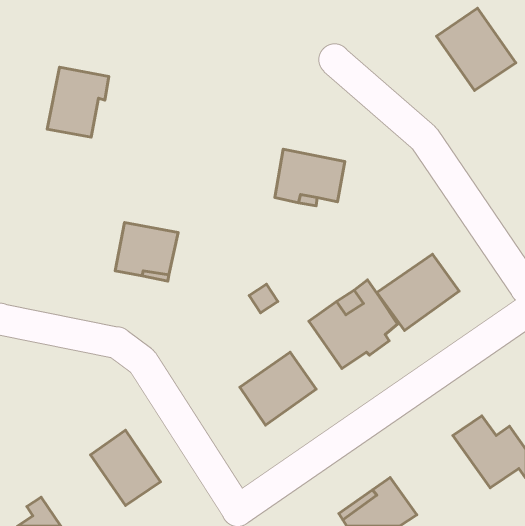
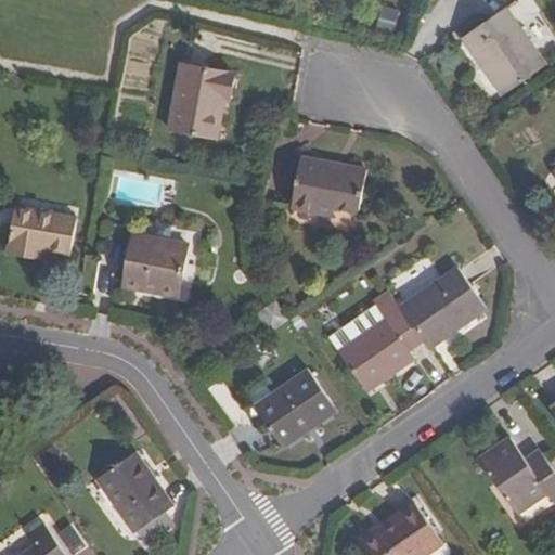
building: [47,67,109,137] -> [168,66,233,140]
building: none -> [5,207,76,258]

